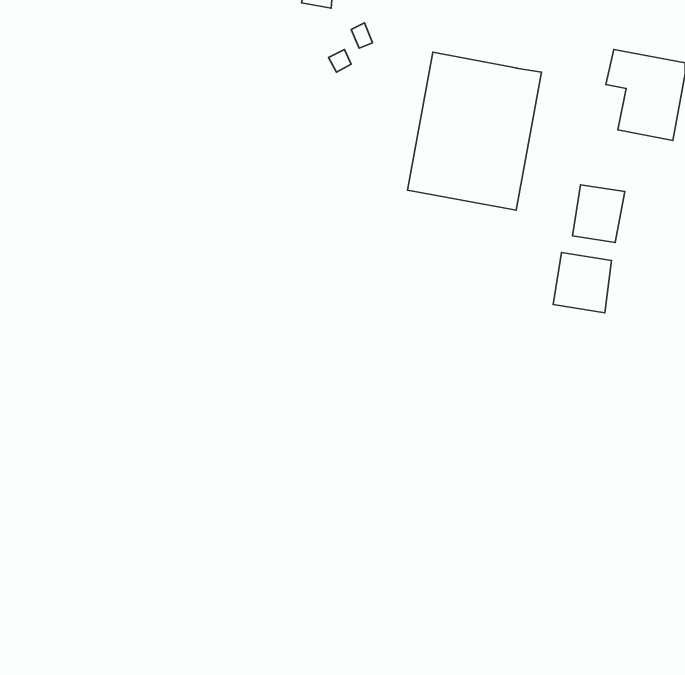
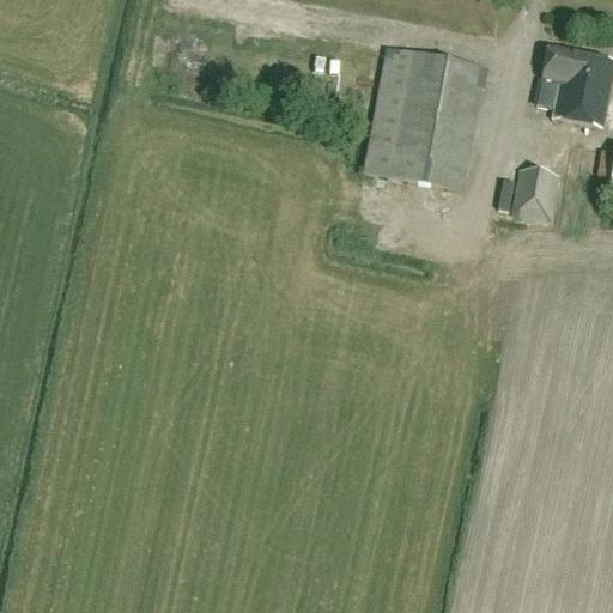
building: [553,252,612,313] -> none

